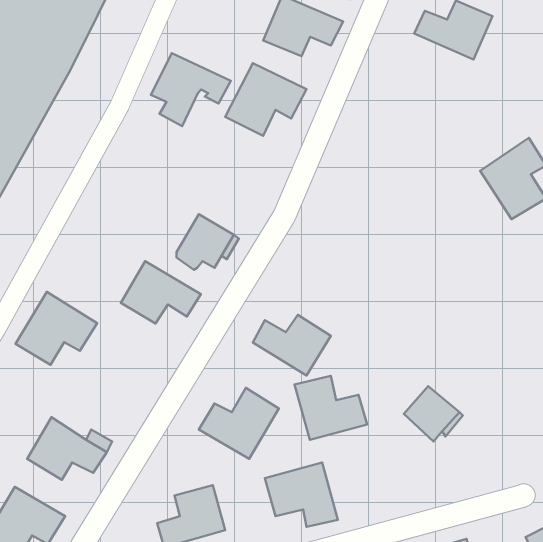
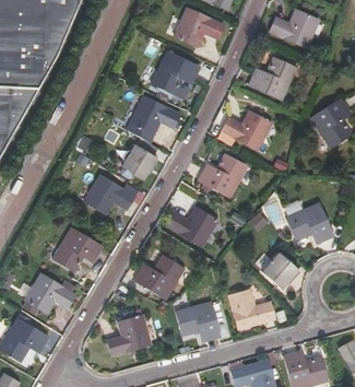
building: [151,53,231,126] -> [130,97,180,143]
building: none -> [248,57,296,102]
building: none -> [222,113,270,150]
building: none -> [198,154,247,199]
building: [16,292,97,365] -> [52,226,104,272]
building: none -> [283,202,334,245]
building: [294,376,367,440] -> [228,290,274,330]

